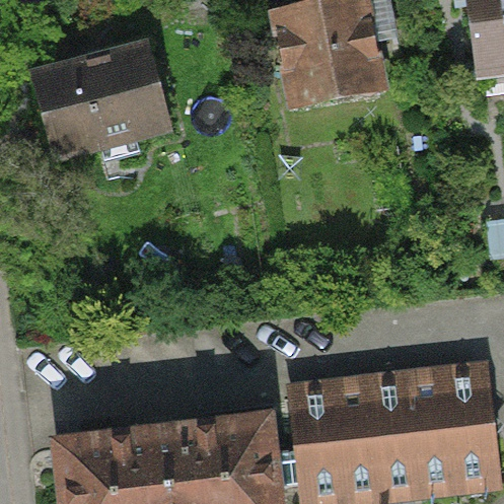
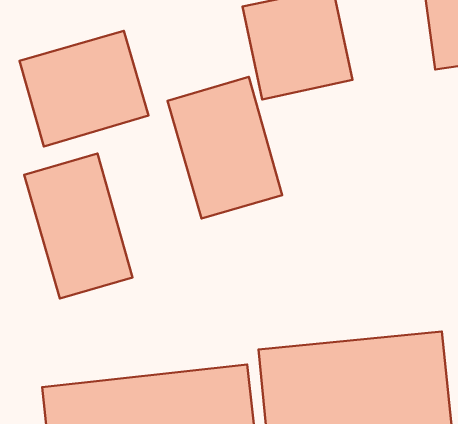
building: none -> [168,77,282,218]
building: none -> [24,153,133,299]

